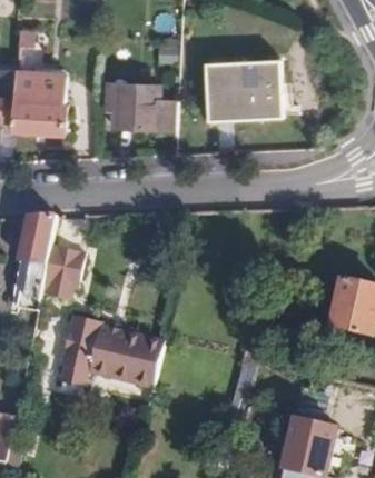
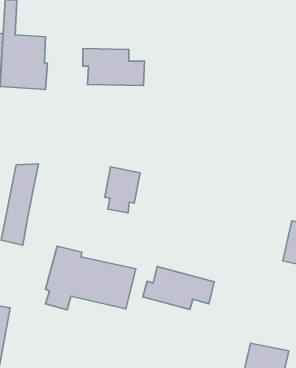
building: [205,60,280,119] -> none
building: [42,243,82,296] -> [105,167,140,213]
building: none -> [143,266,214,309]

